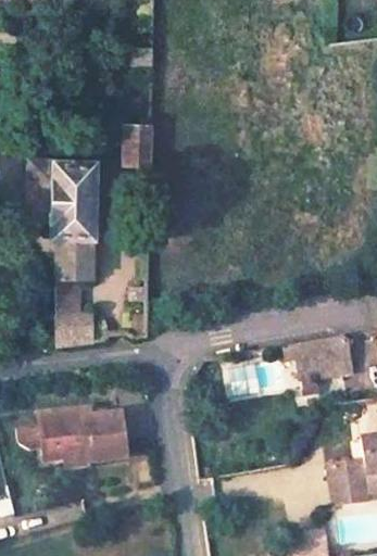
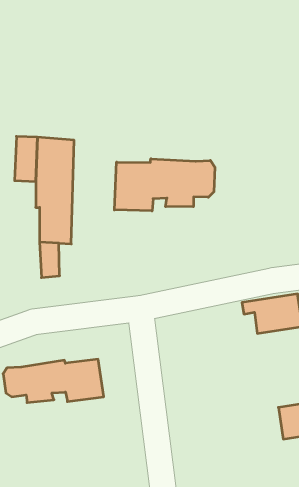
building: [126,124,152,165] -> none
building: none -> [114,159,215,211]
building: [58,313,92,349] -> none

